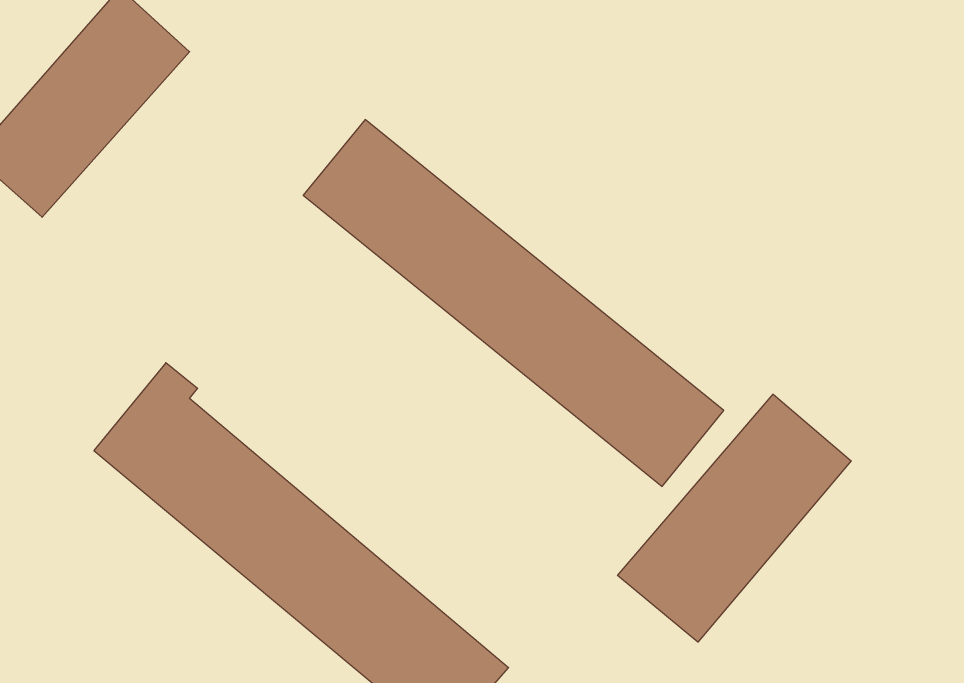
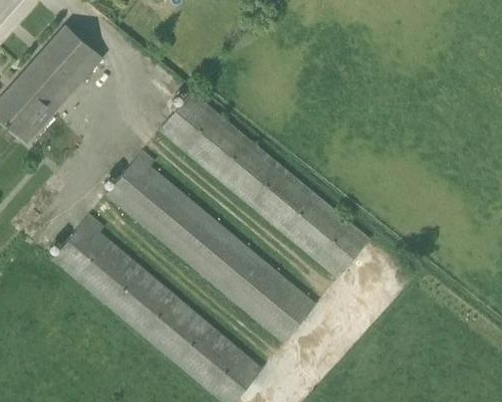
building: none -> [106,149,317,344]
building: [618,394,851,642] -> none

